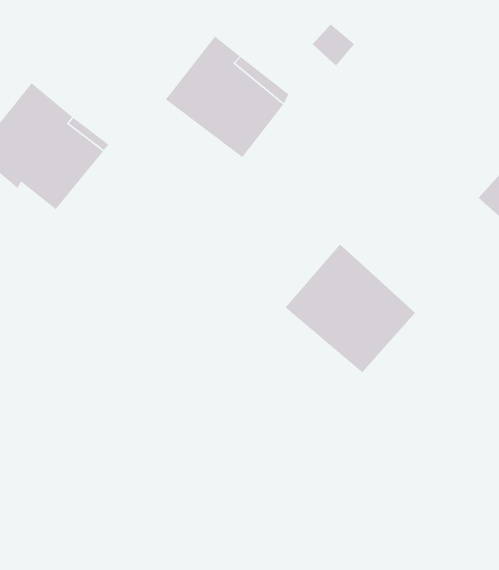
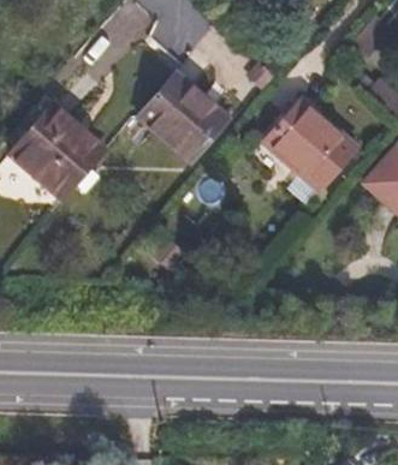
building: [284,244,416,373] -> [265,96,356,186]

